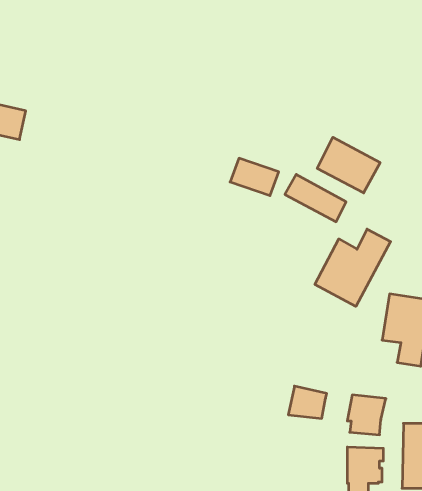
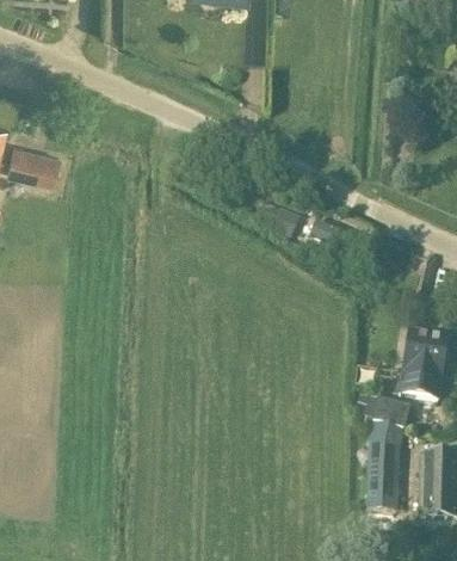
building: [317,137,380,193] -> none
building: [315,229,391,306] -> none
building: [288,386,327,418] -> [373,403,410,434]

